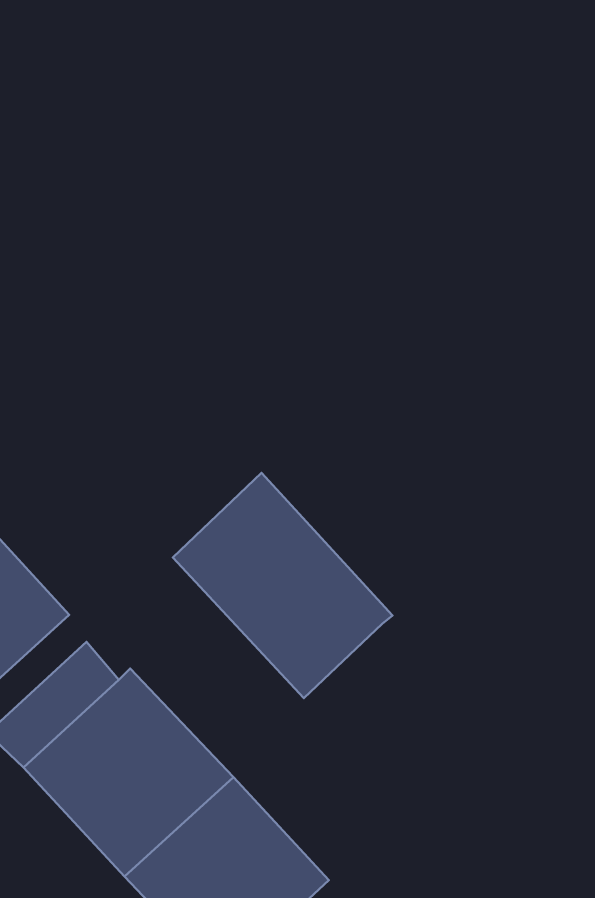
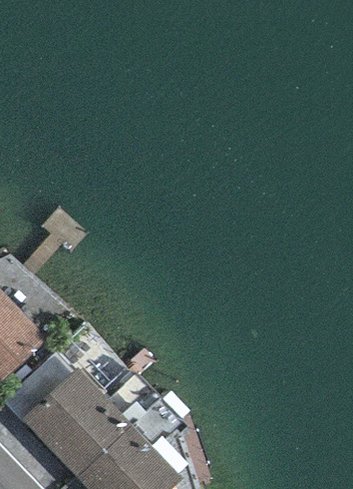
building: [173,473,393,698] -> none

